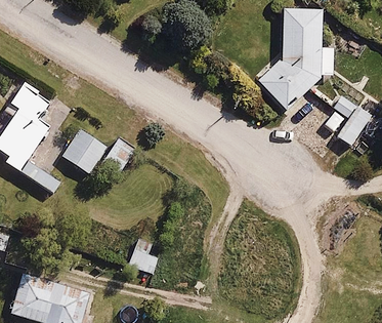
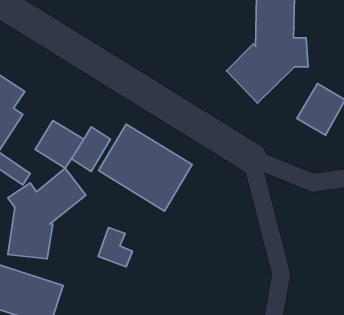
building: none -> [98,124,192,211]
building: none -> [8,168,86,259]

